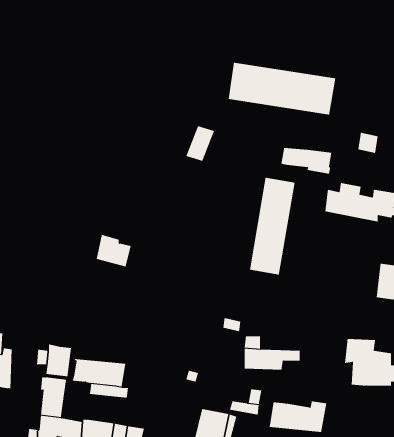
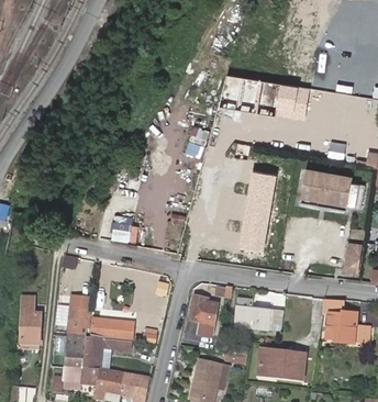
building: [281,147,332,174] -> none
building: none -> [190,298,216,335]
building: none -> [82,336,107,371]

